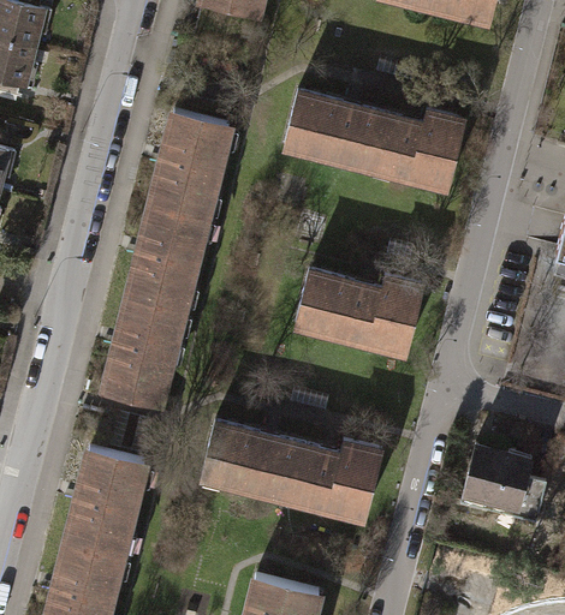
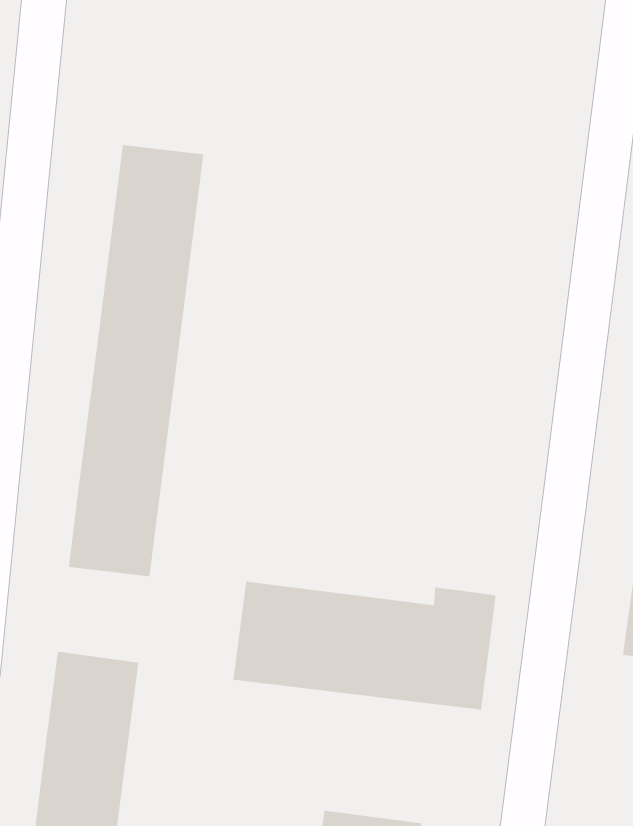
building: [286,85,475,195] -> none
building: [292,274,421,356] -> none

